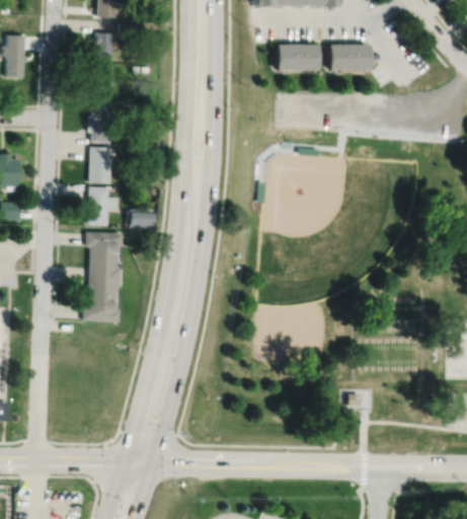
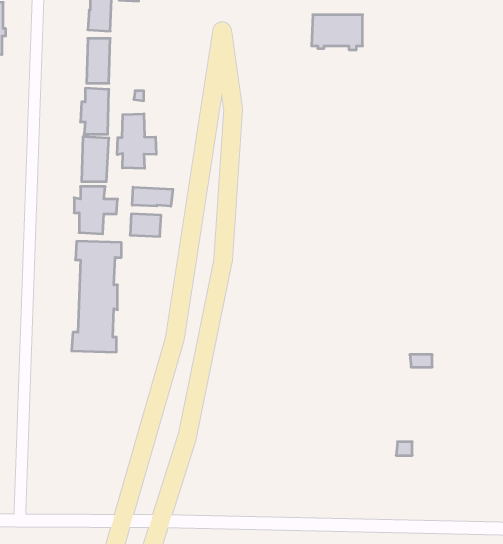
building: [330,46,372,74] -> none
building: none -> [117,114,156,168]
building: none -> [132,187,173,206]

